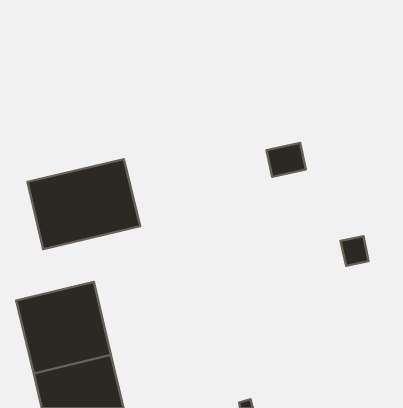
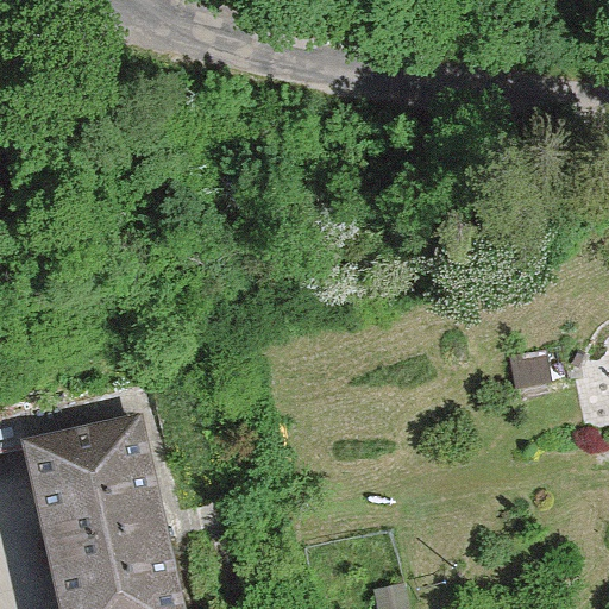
building: [27,159,140,249] -> none

